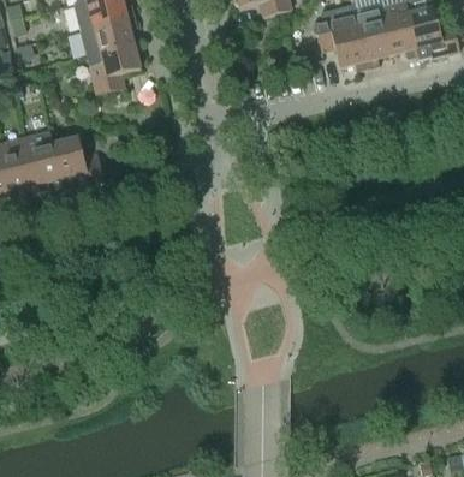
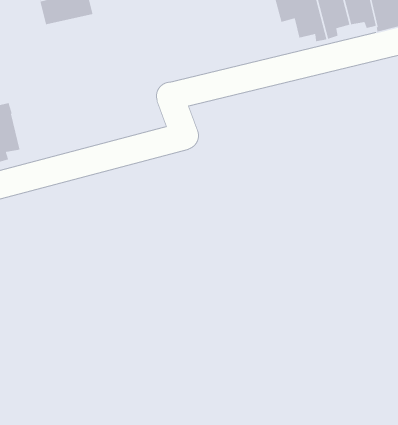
building: [84,42,138,94] -> none
building: [50,135,102,190] -> none

